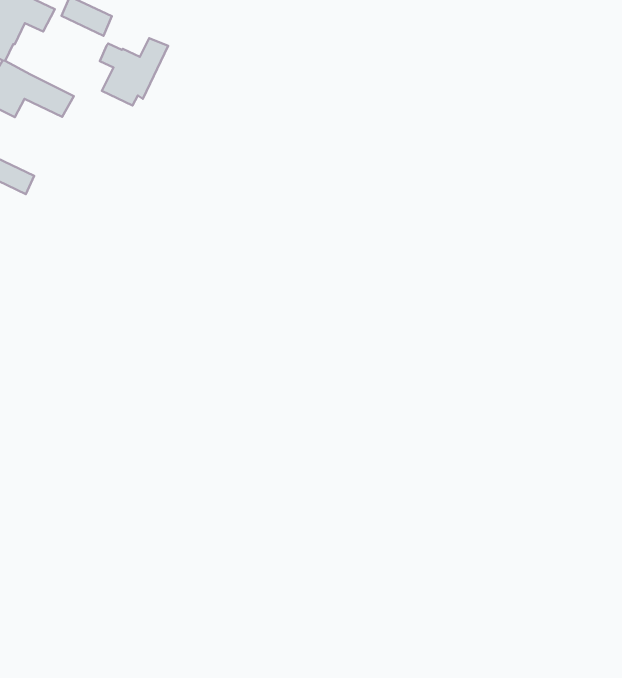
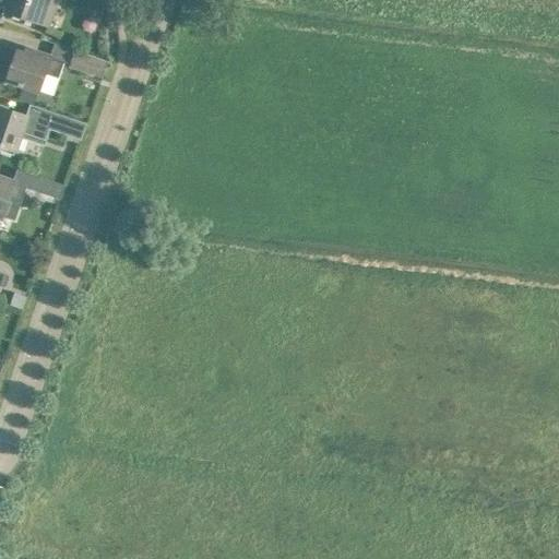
building: [100,38,168,106] -> none

